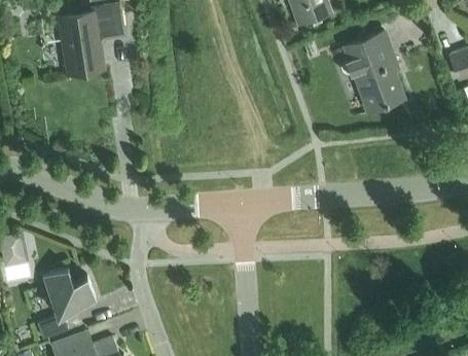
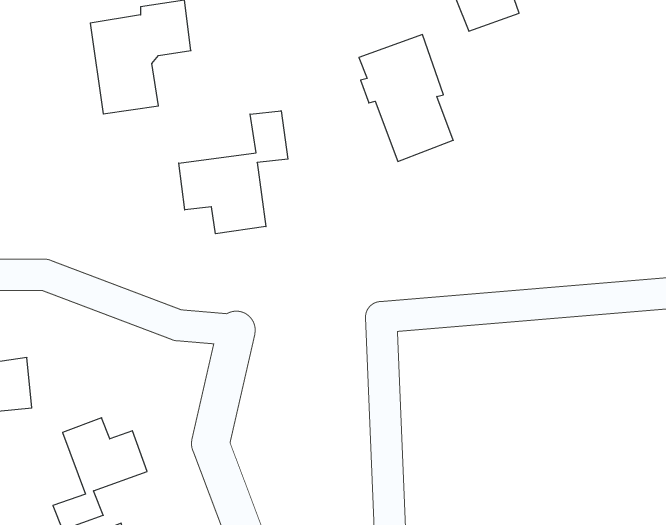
building: [345,31,404,111] -> [359,35,453,161]
building: none -> [179,111,288,234]

